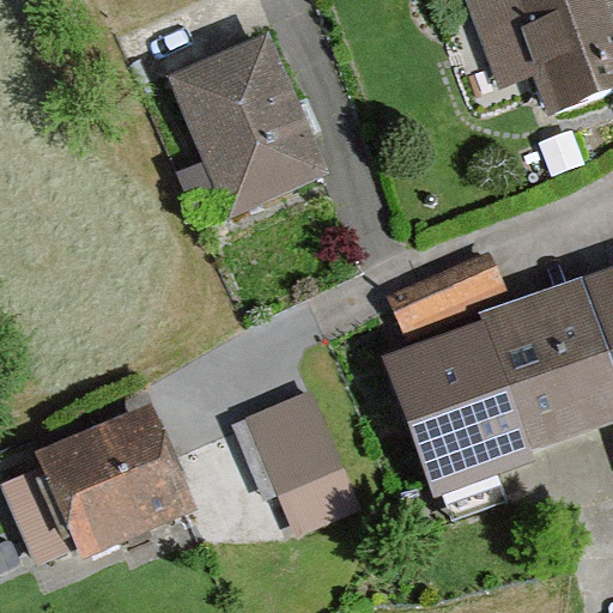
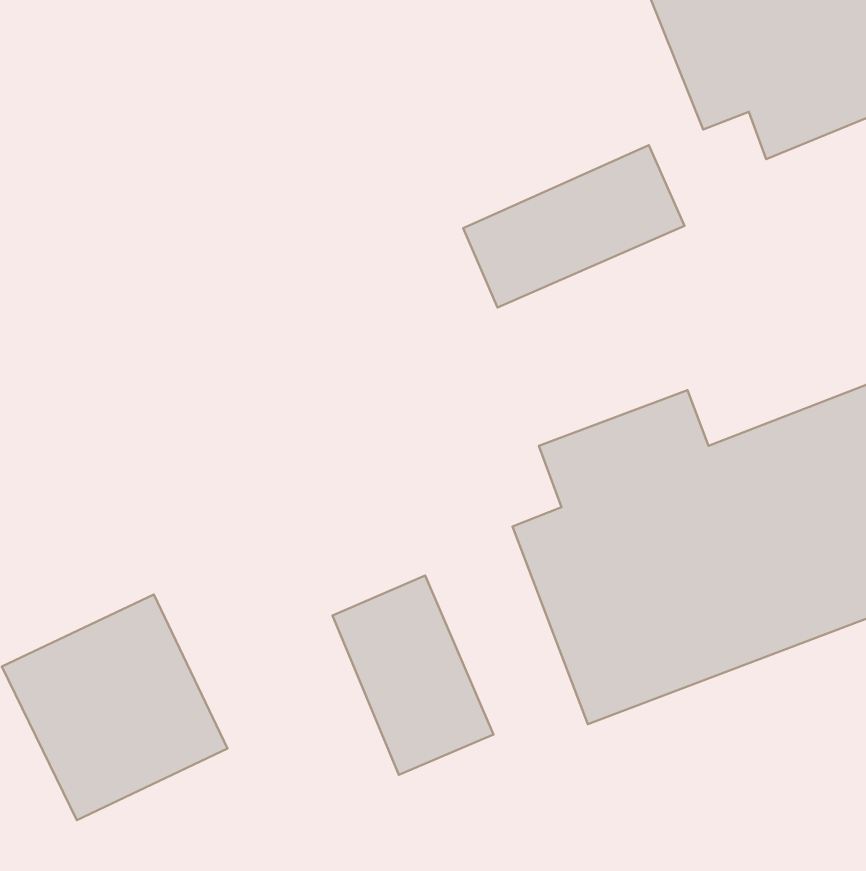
building: [166,44,314,217] -> none
building: none -> [463,145,684,308]

